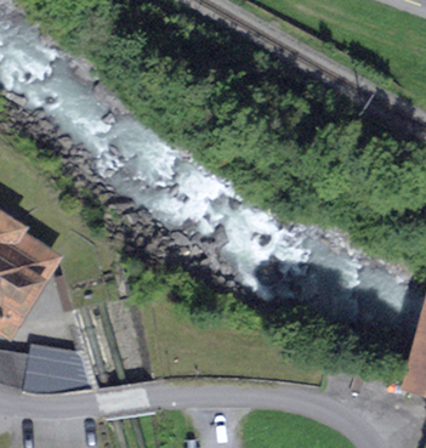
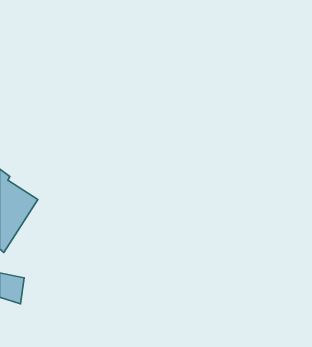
building: [27,346,78,387] -> none

